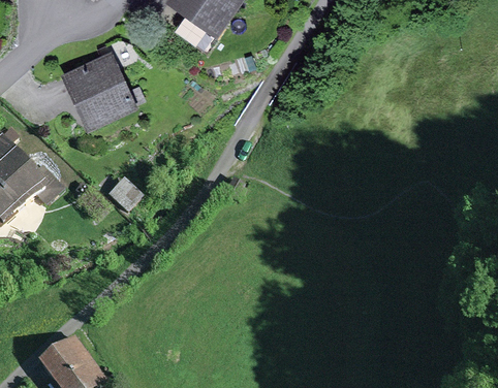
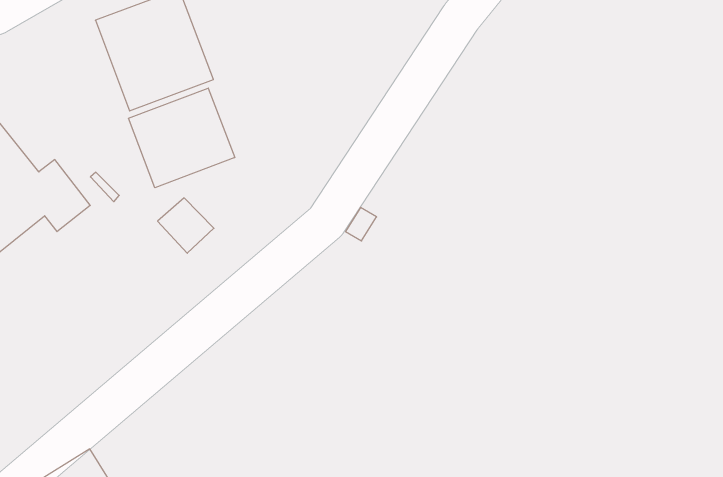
building: none -> [128,88,235,188]

